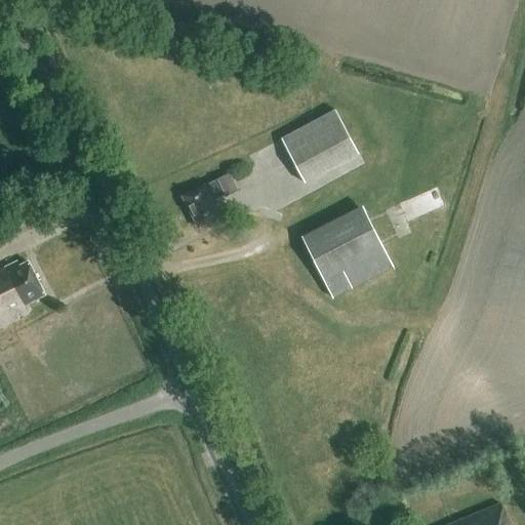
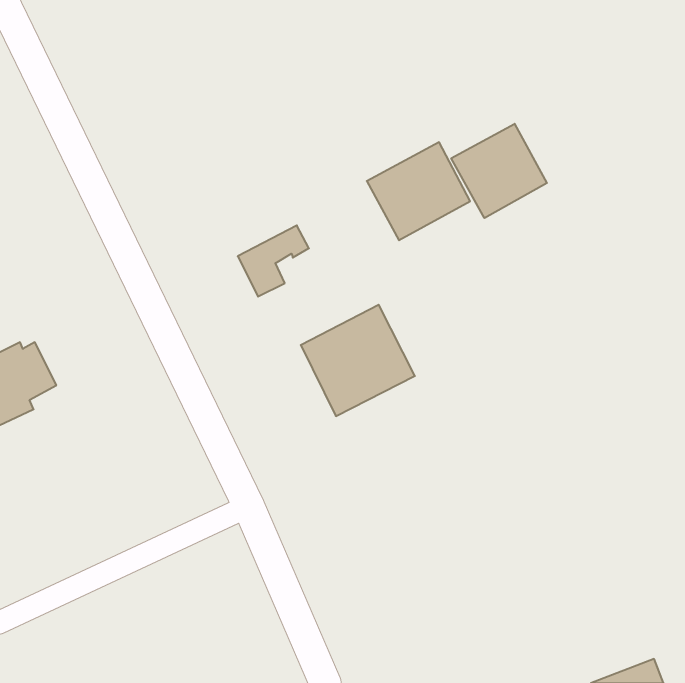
building: none -> [451,124,547,218]
building: [305,212,392,297] -> [301,305,415,416]

